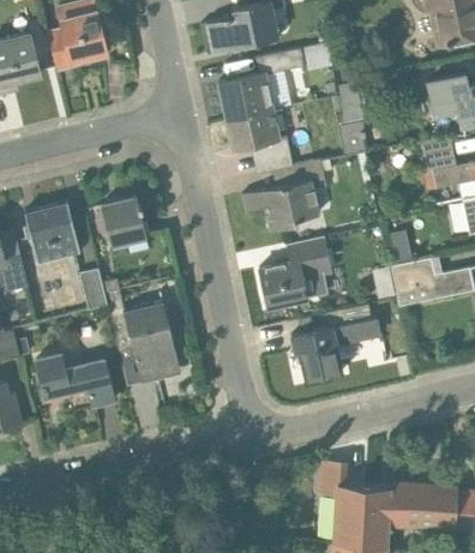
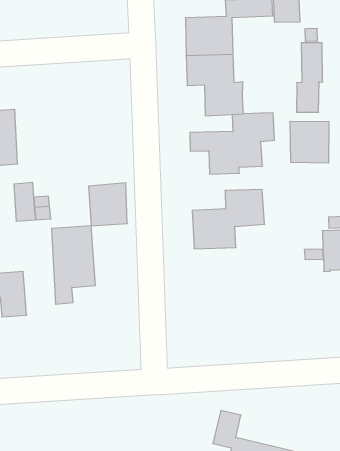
building: none -> [290,121,329,163]
building: [101,197,145,245] -> [88,183,127,226]
building: [290,305,386,379] -> none

